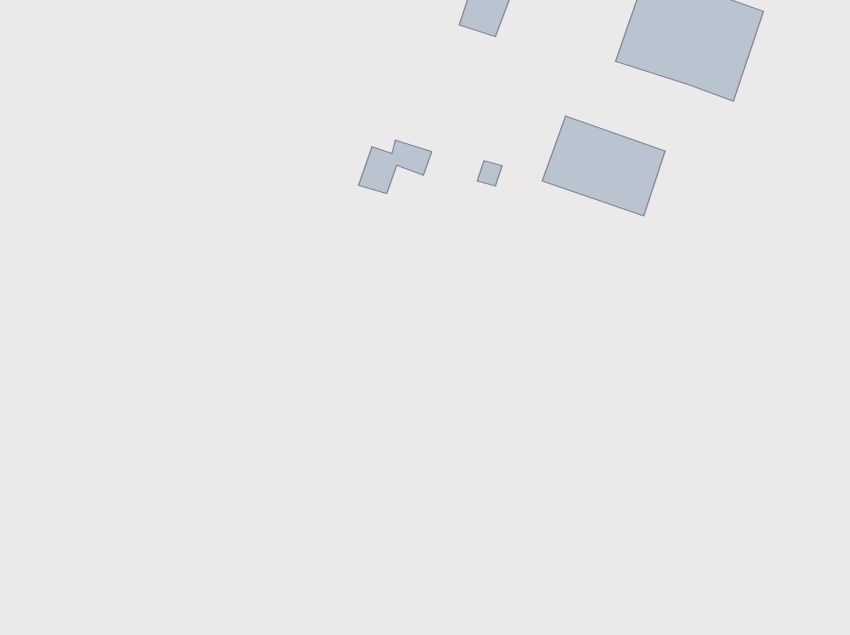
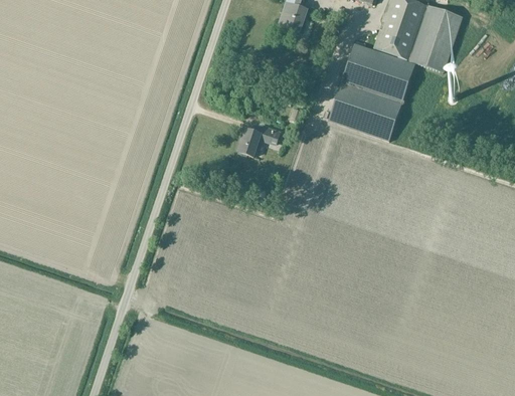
building: none -> [342,41,416,102]
building: [358,140,432,193] -> [236,124,281,156]

